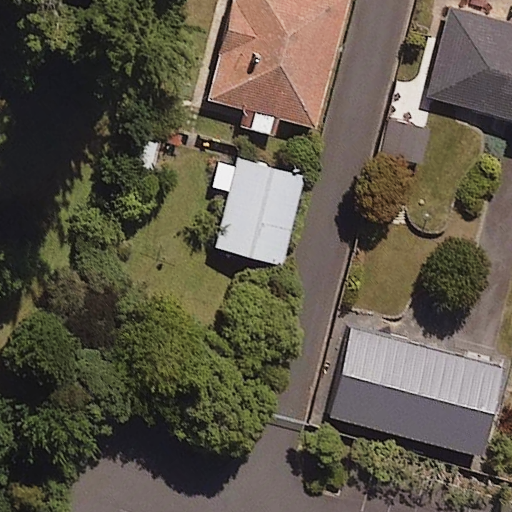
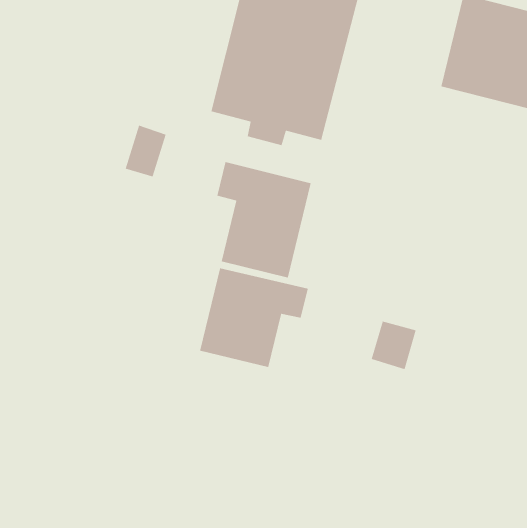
building: none -> [199,268,308,368]
building: [352,350,483,435] -> none

